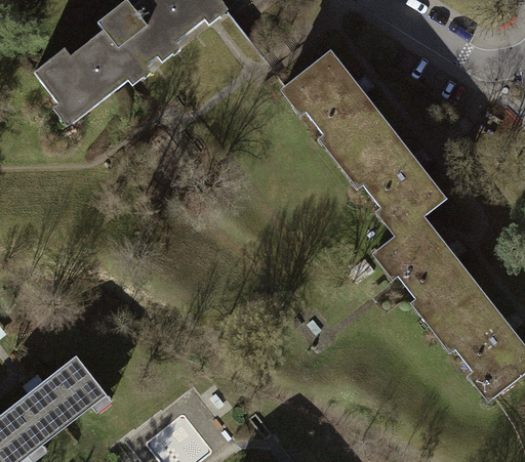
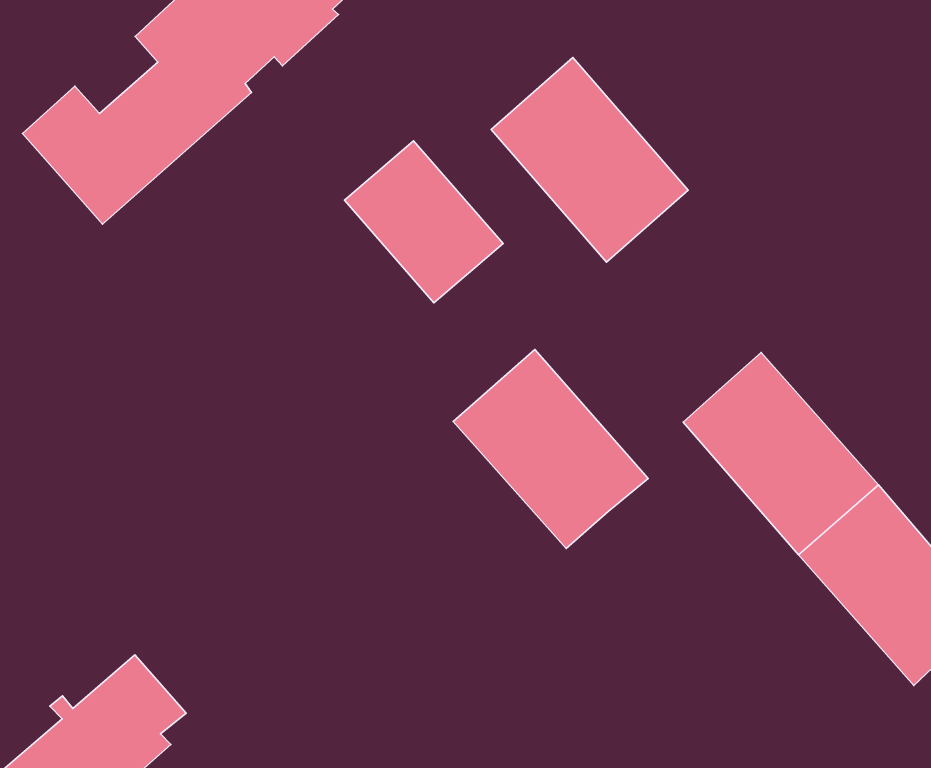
building: none -> [344,141,503,303]
building: [341,125,444,233] -> [453,349,648,549]

